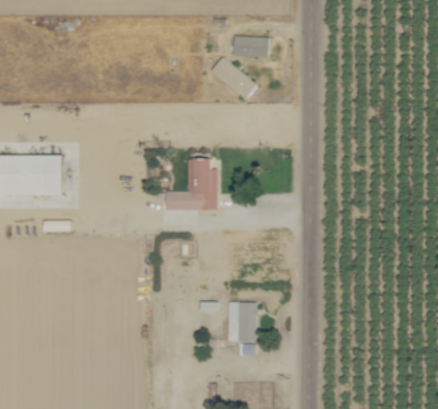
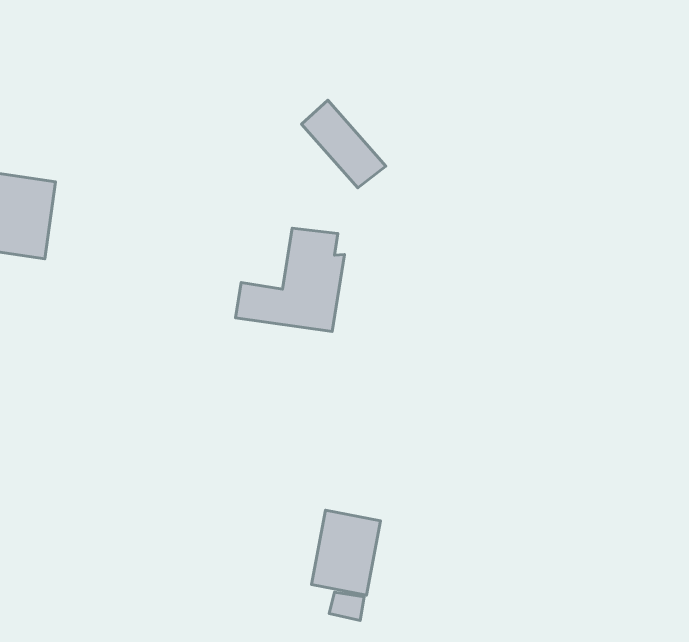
building: [234,35,269,57] -> none
building: [211,56,257,99] -> [302,100,386,188]

